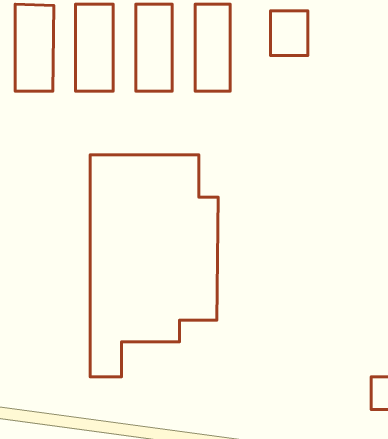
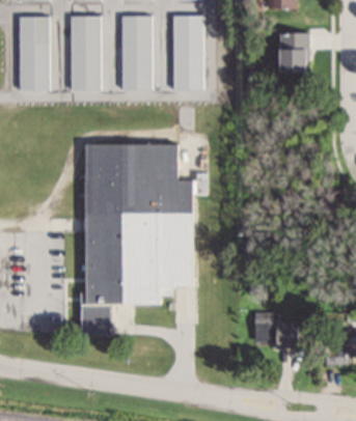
building: [270,11,308,55] -> [278,33,310,72]
building: none -> [254,312,304,345]

